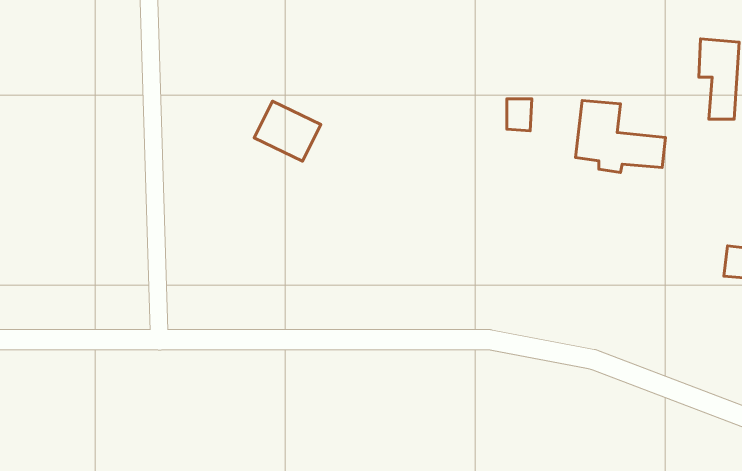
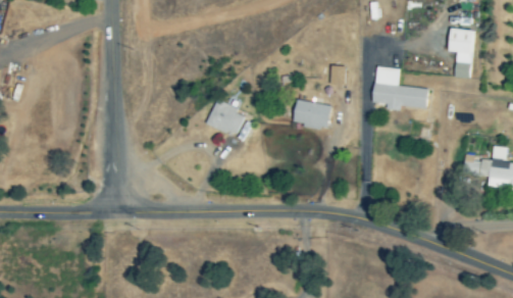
building: [254,101,321,161] -> [209,99,250,136]
building: none -> [298,98,337,129]

